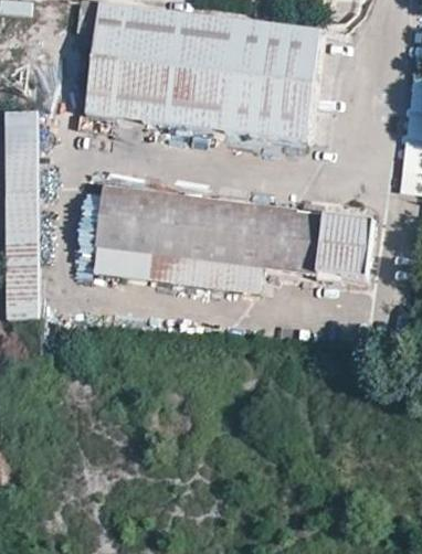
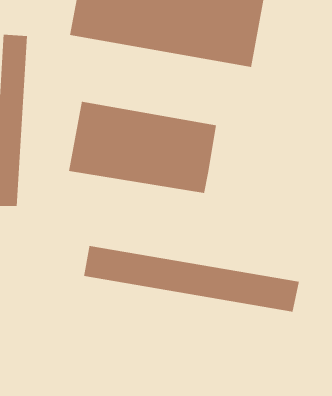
building: [260,206,371,274] -> none
building: none -> [84,245,299,312]

